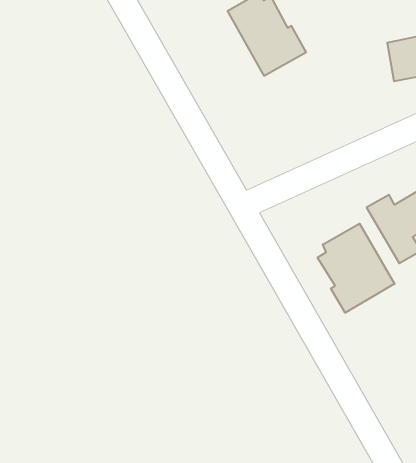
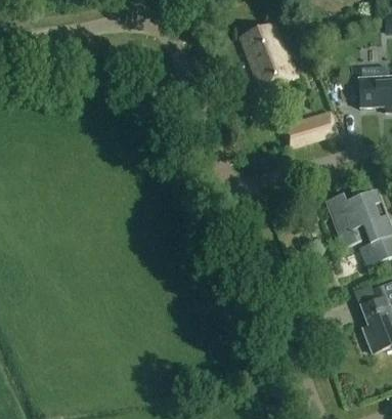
building: none -> [285,112,336,144]
building: [318,224,395,313] -> none

